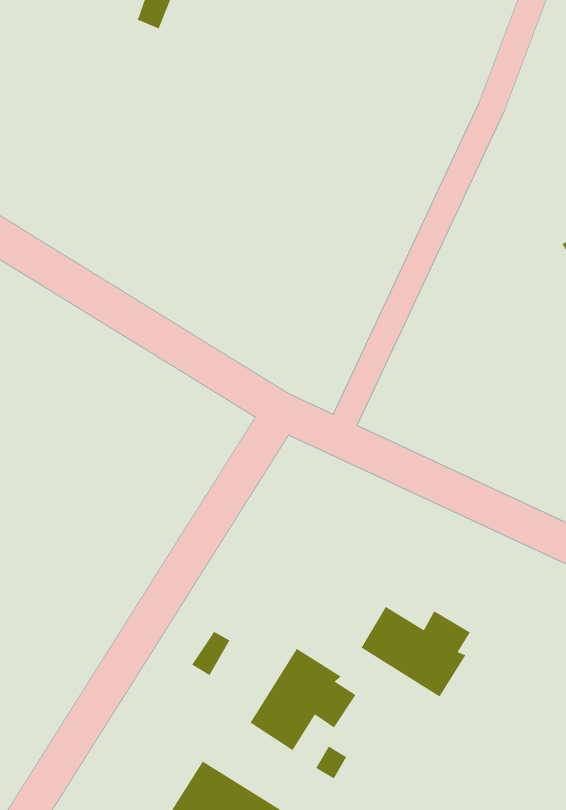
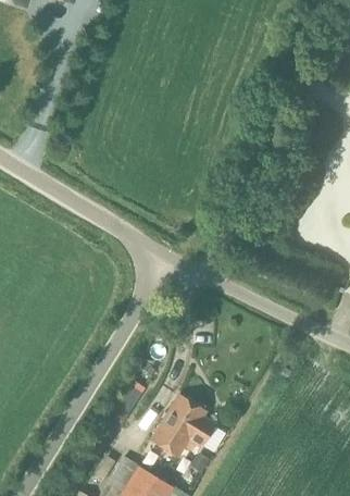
building: [360,606,471,697] -> none

